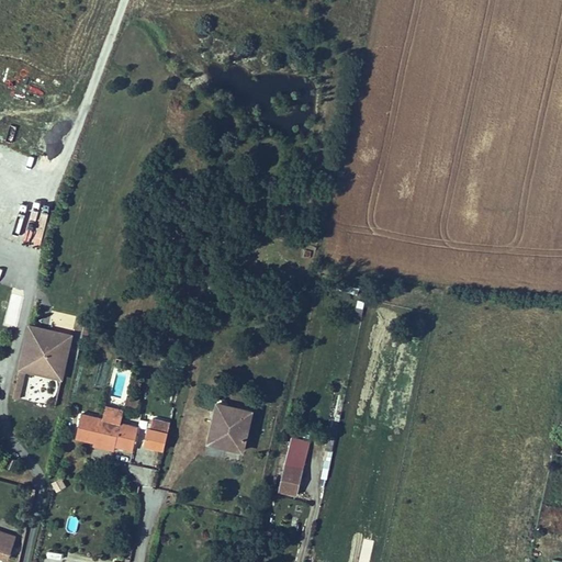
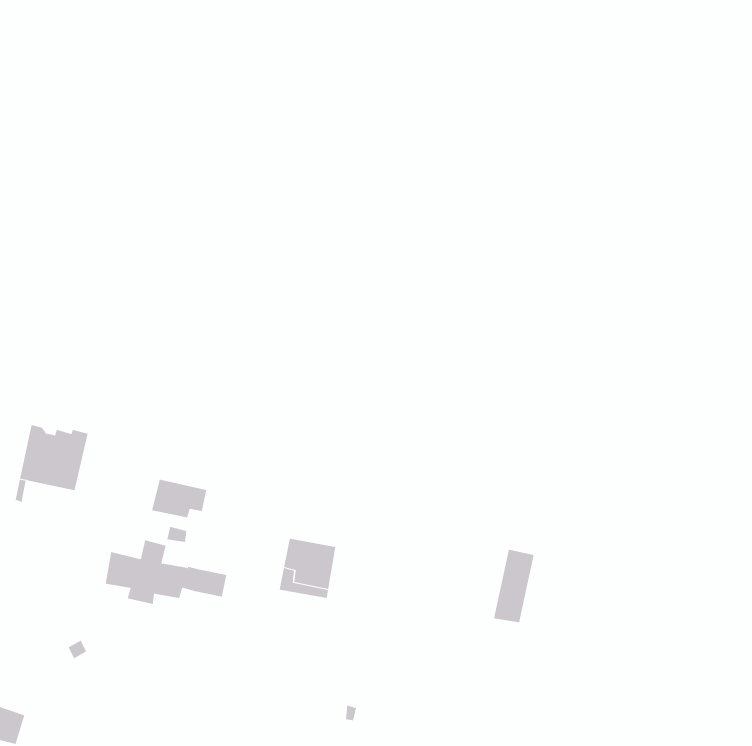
building: none -> [152,479,207,518]
building: [280,441,311,496] -> [493,549,535,623]

